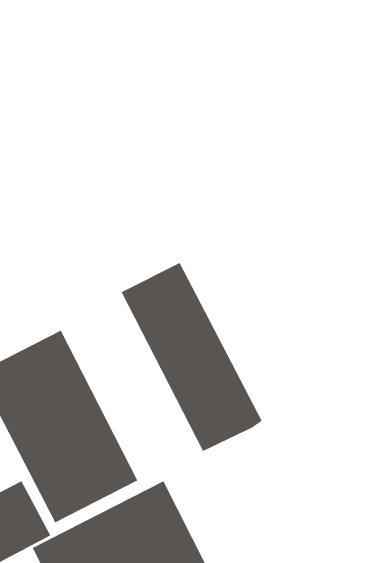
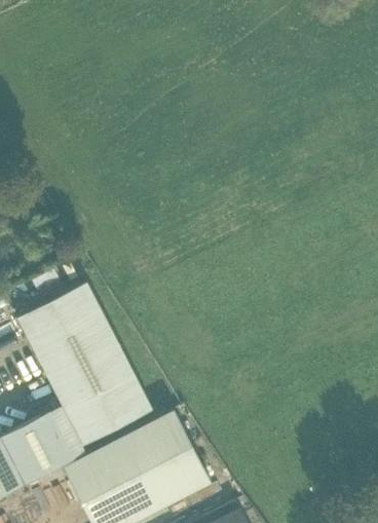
building: [121,262,262,452] -> none

